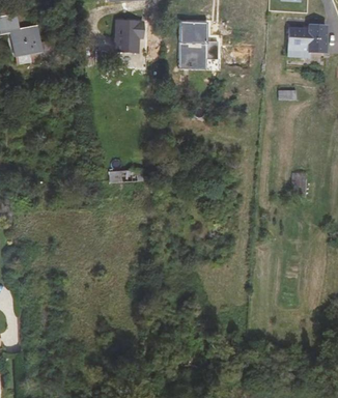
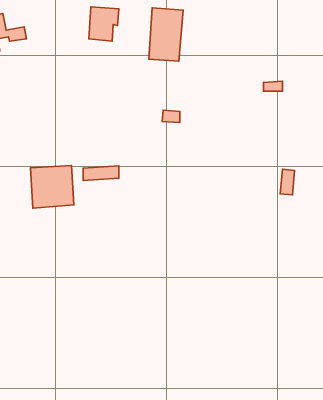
building: [288,24,327,52] -> none
building: none -> [30,166,74,208]

